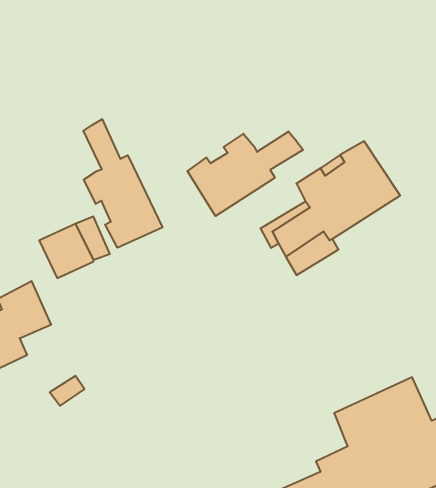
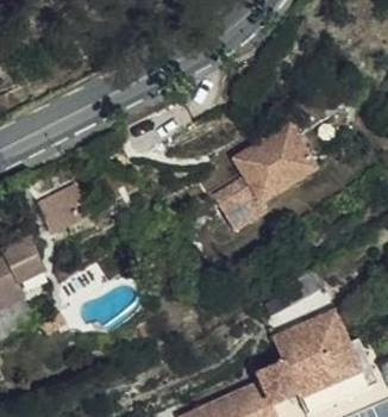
building: [83,119,162,248] -> none
building: [187,131,303,216] -> none

